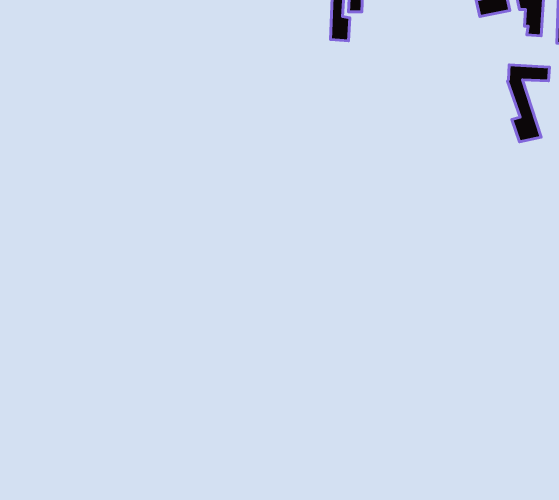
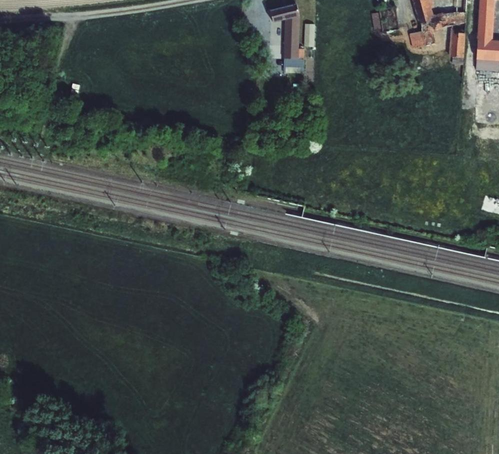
building: [507,65,549,142] -> none

